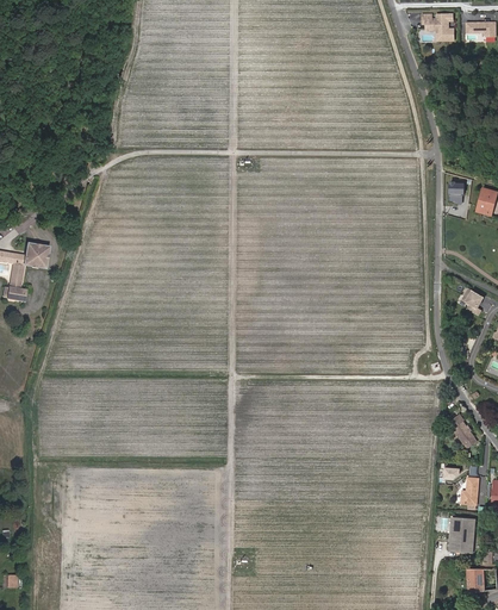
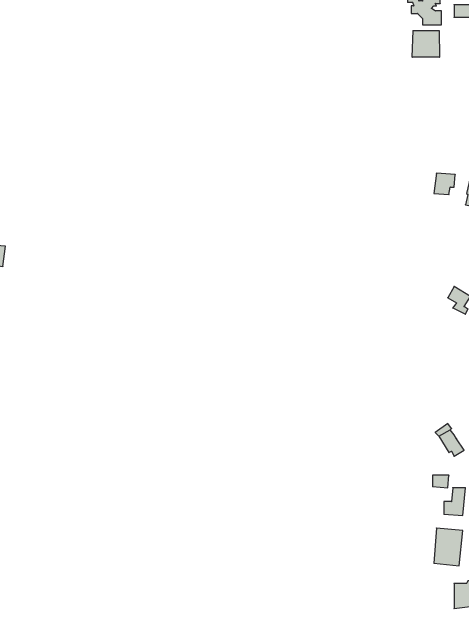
building: none -> [412,31,439,57]

